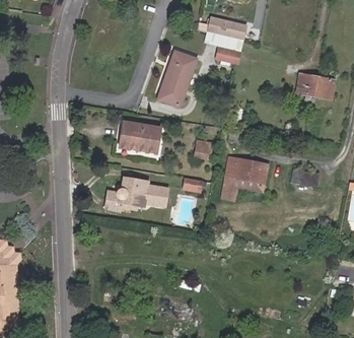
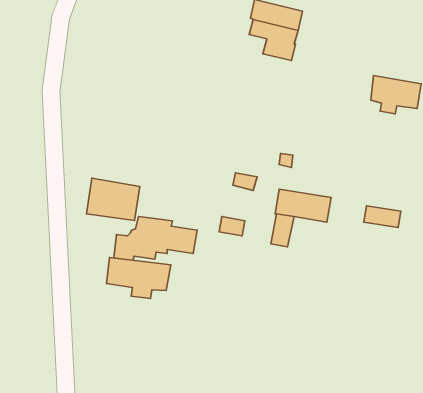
building: [158,50,197,106] -> none
building: [120,122,159,153] -> [87,178,140,221]
building: none -> [106,258,171,298]

